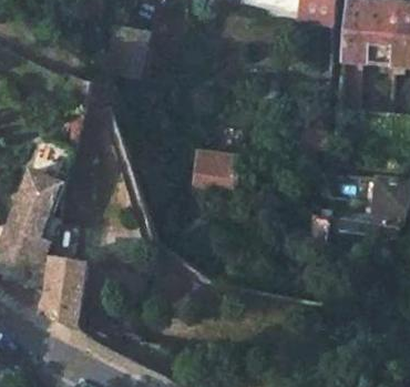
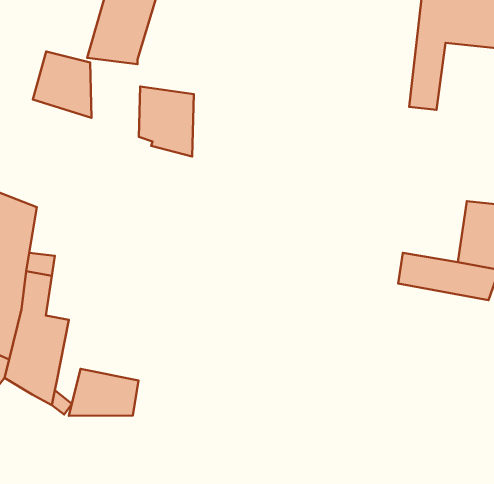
building: none -> [33,51,91,118]
building: [197,150,237,201] -> [139,87,194,157]
building: none -> [69,369,138,416]

